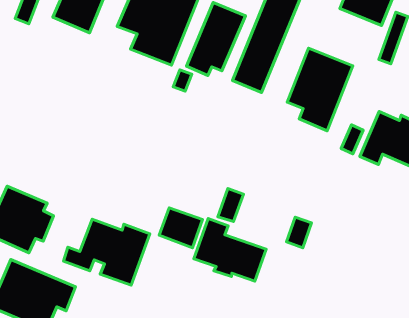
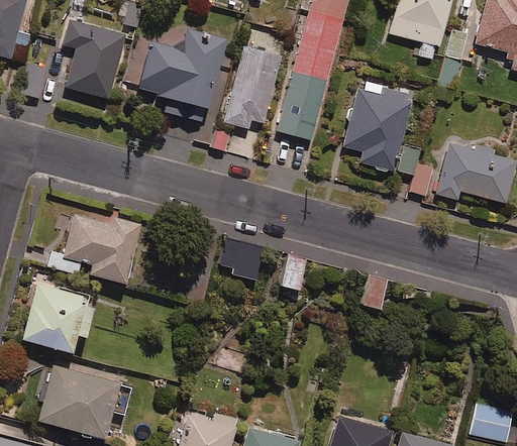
building: [159,208,203,248] -> [216,237,263,278]
building: [194,219,266,281] -> none
building: [63,219,150,285] -> [47,215,140,284]

